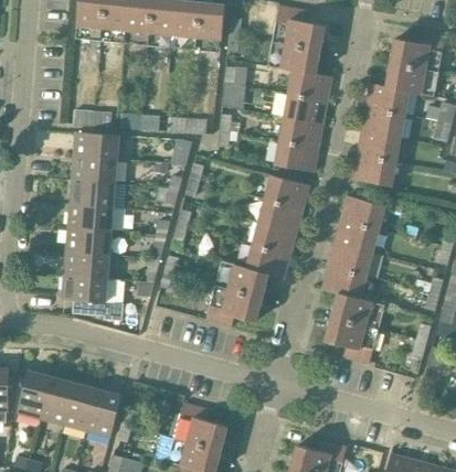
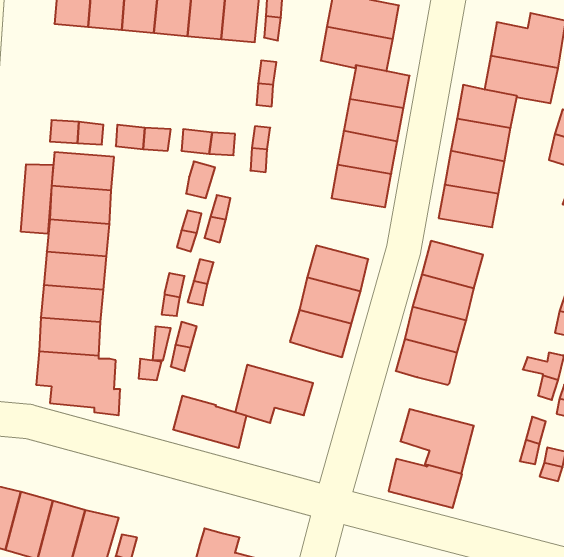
building: none -> [21,164,53,234]
building: [264,175,308,210] -> none
building: [214,261,267,299] -> [173,396,247,448]
building: [331,294,384,330] -> [389,459,462,508]

